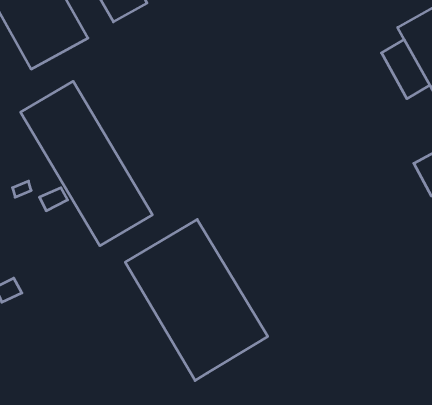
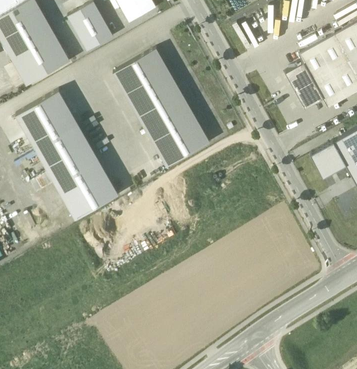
building: none -> [116,50,210,167]
building: [125,219,268,381] -> none

